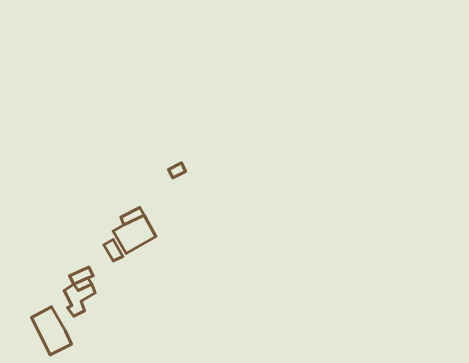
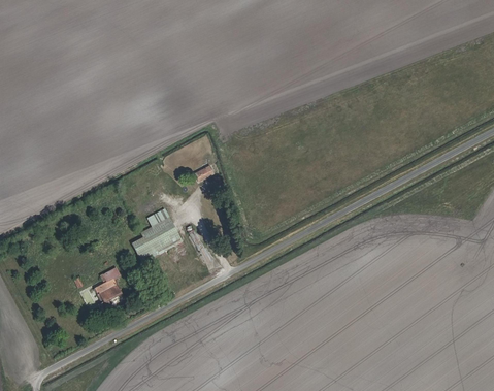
building: [32,307,72,355] -> none

